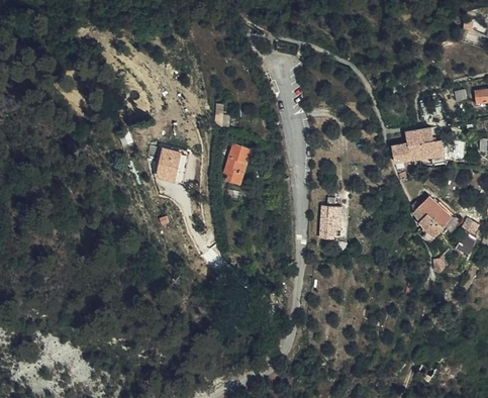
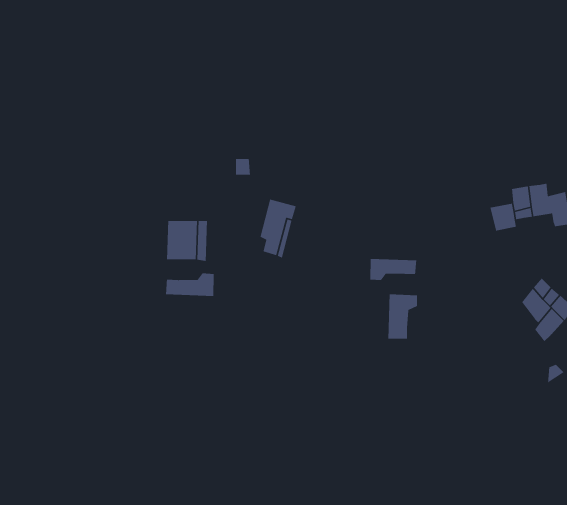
building: none -> [370,258,417,281]
building: none -> [165,273,214,297]

